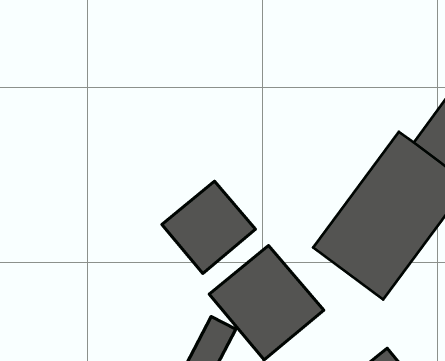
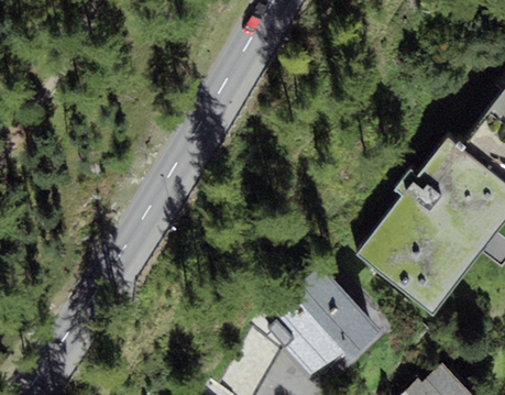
building: [162,181,255,273] -> none

